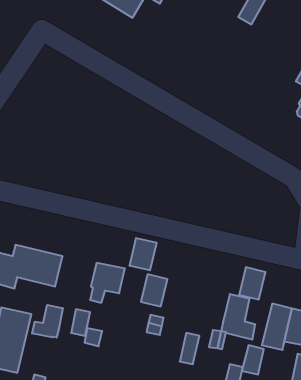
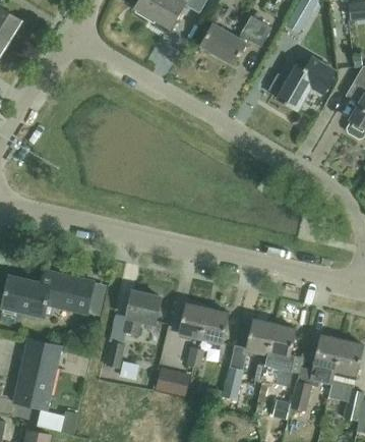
building: none -> [200,15,272,64]
building: none -> [268,58,336,110]
building: [129,238,157,270] -> [200,309,230,343]
building: [239,267,266,299] -> [246,320,275,354]
building: [32,305,63,338] -> none
building: none -> [154,369,189,397]

